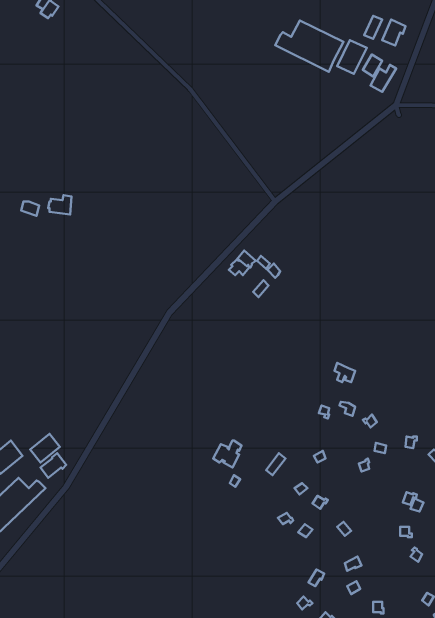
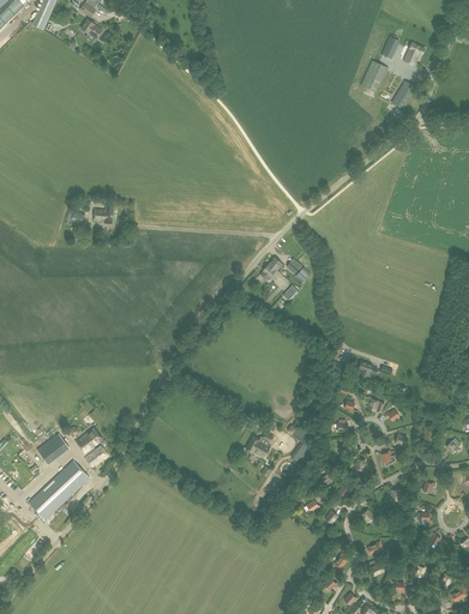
building: [275,21,343,72] -> none

